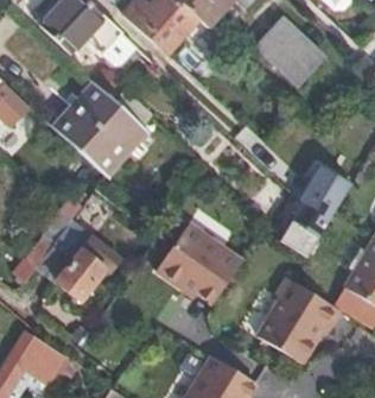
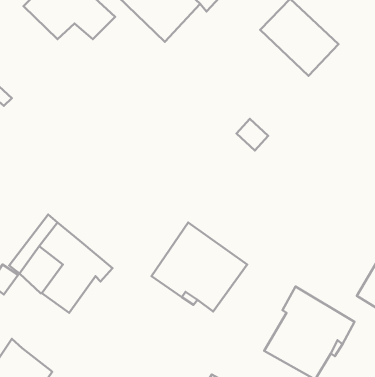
building: [50,82,142,175] -> none
building: [280,170,349,258] -> none

